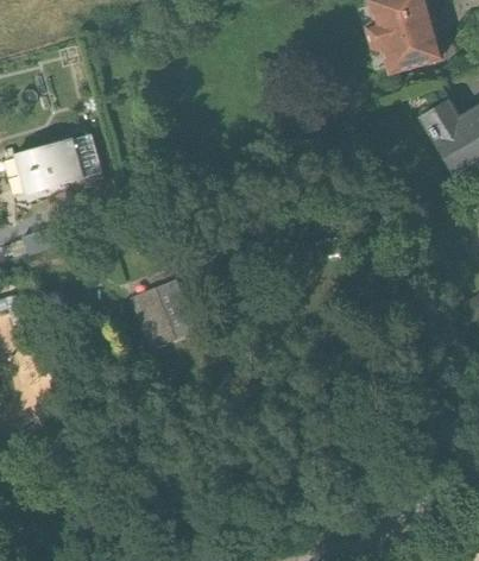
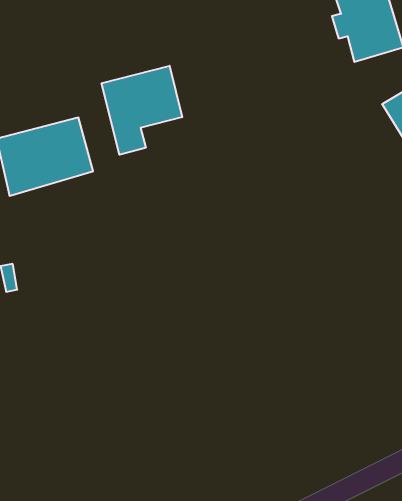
building: none -> [102,66,182,155]
building: [132,277,201,348] -> none

